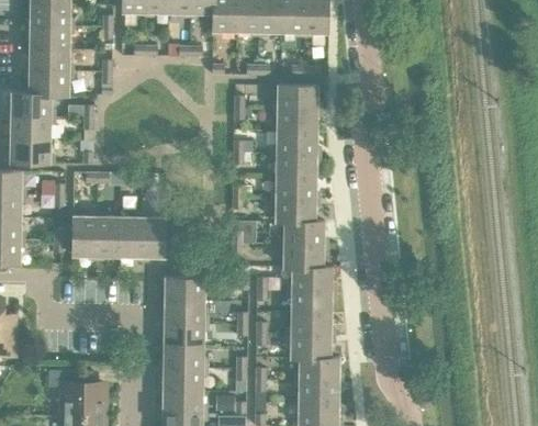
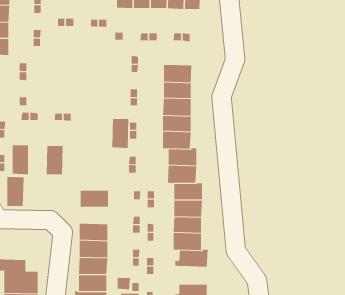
building: [278,85,317,109] -> none
building: [96,216,120,257] -> [7,176,24,206]
building: [142,217,166,258] -> [111,118,129,148]
building: [164,301,204,324] -> none
building: [293,381,338,405] -> none

